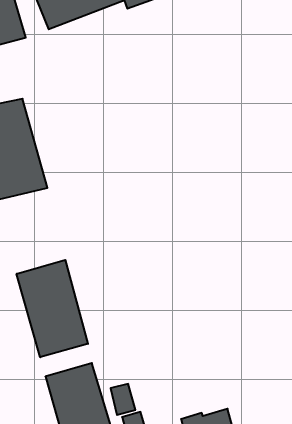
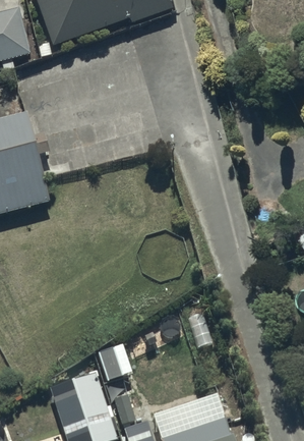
building: [17,260,88,357] -> none

